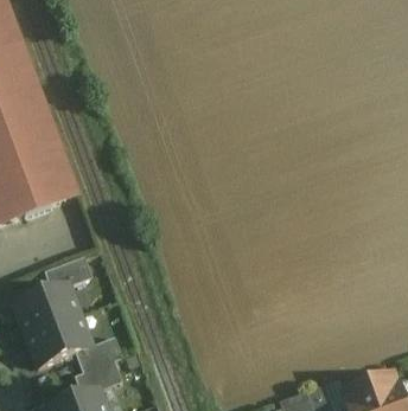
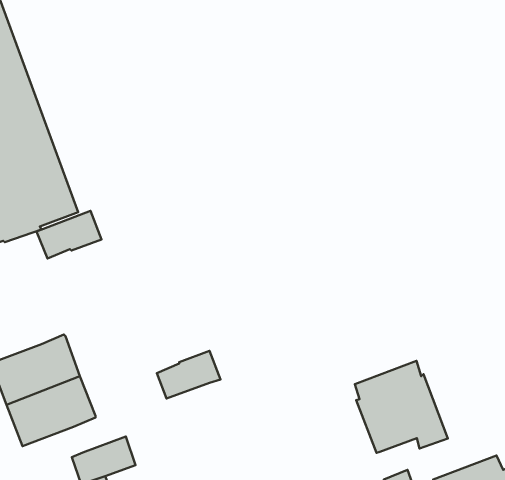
building: [43,255,91,290] -> [36,211,102,259]
building: none -> [355,361,448,453]
building: [75,335,122,371] -> [157,351,221,399]

